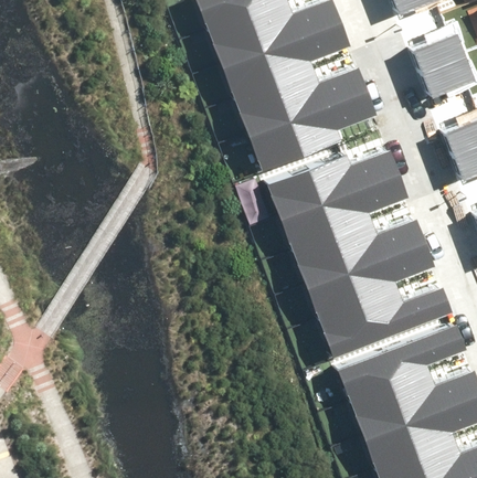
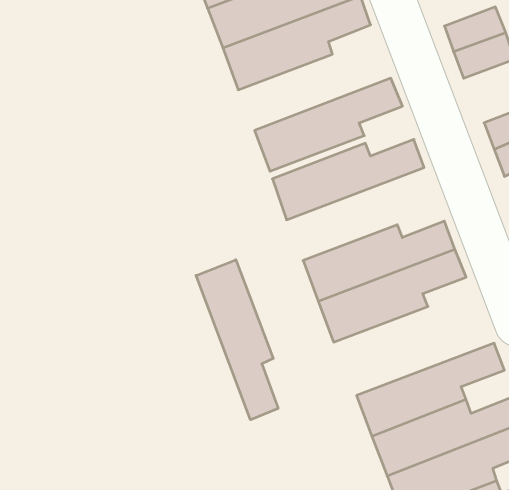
building: [235,70,368,139] -> none
building: [277,171,406,252] -> none
building: none -> [196,260,278,420]
building: [318,288,450,359] -> none

